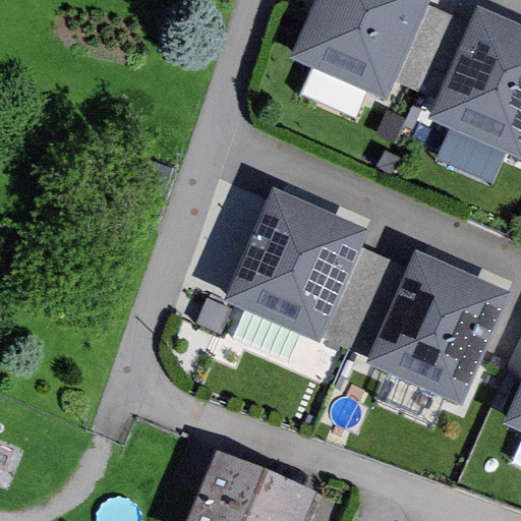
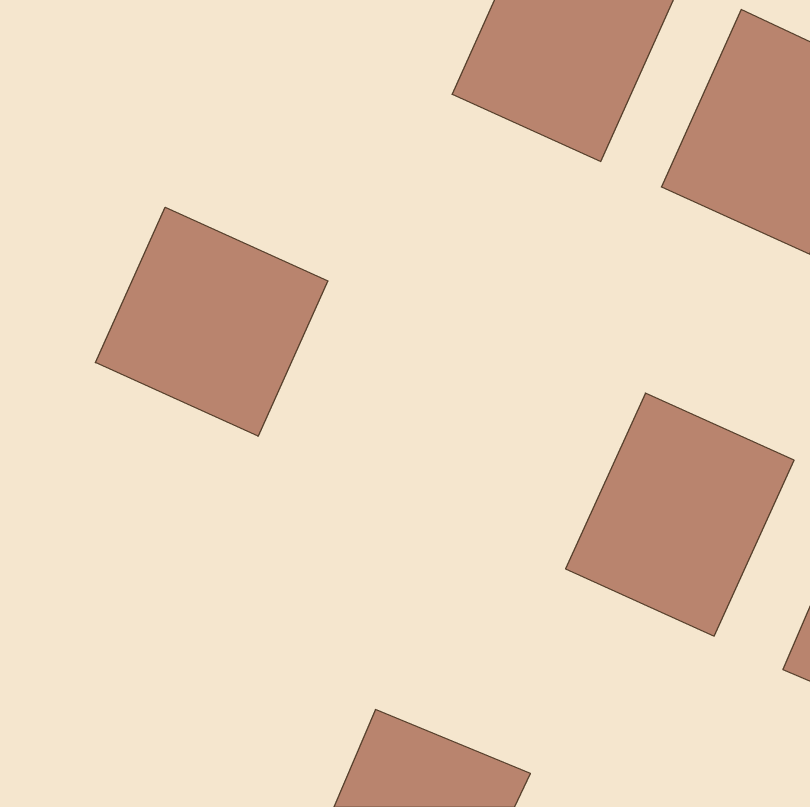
building: none -> [95,207,328,436]
building: [223,192,368,347] -> none

